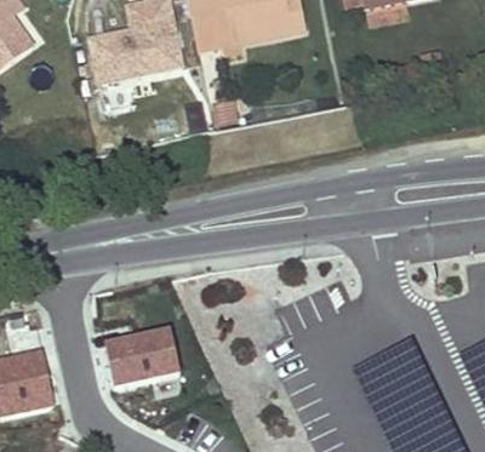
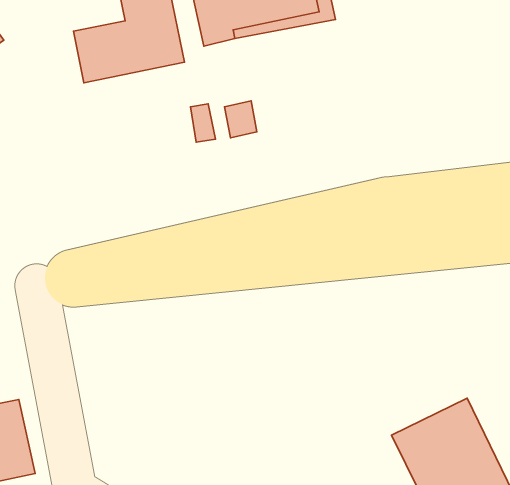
building: [108,327,184,384] -> none

